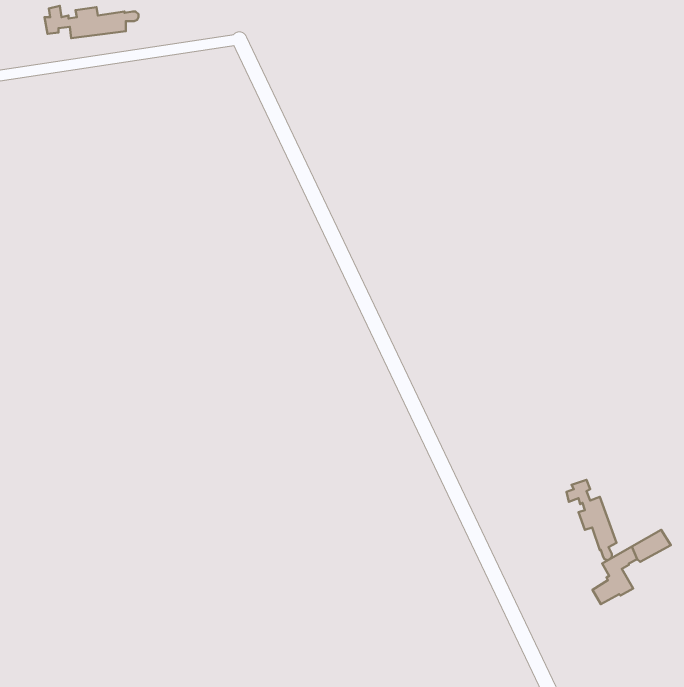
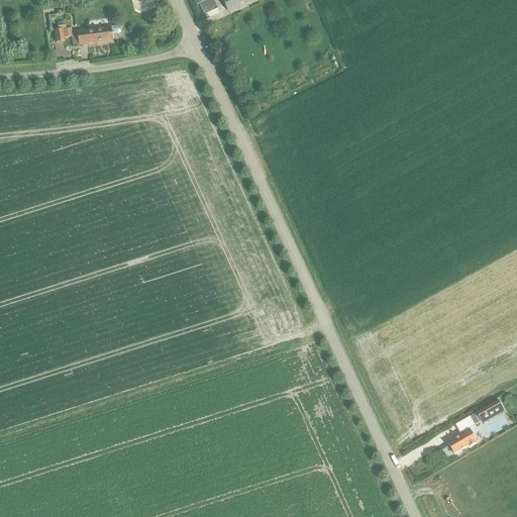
building: [566,480,617,560] -> none

